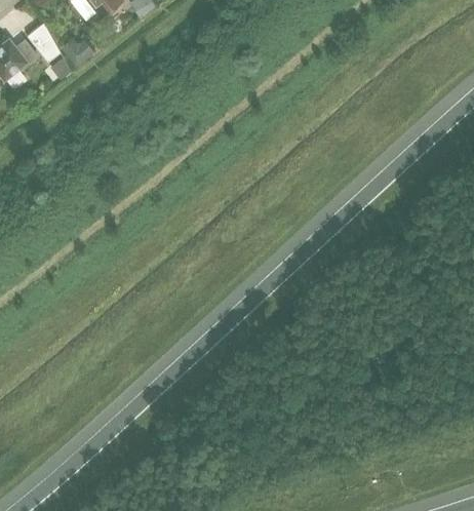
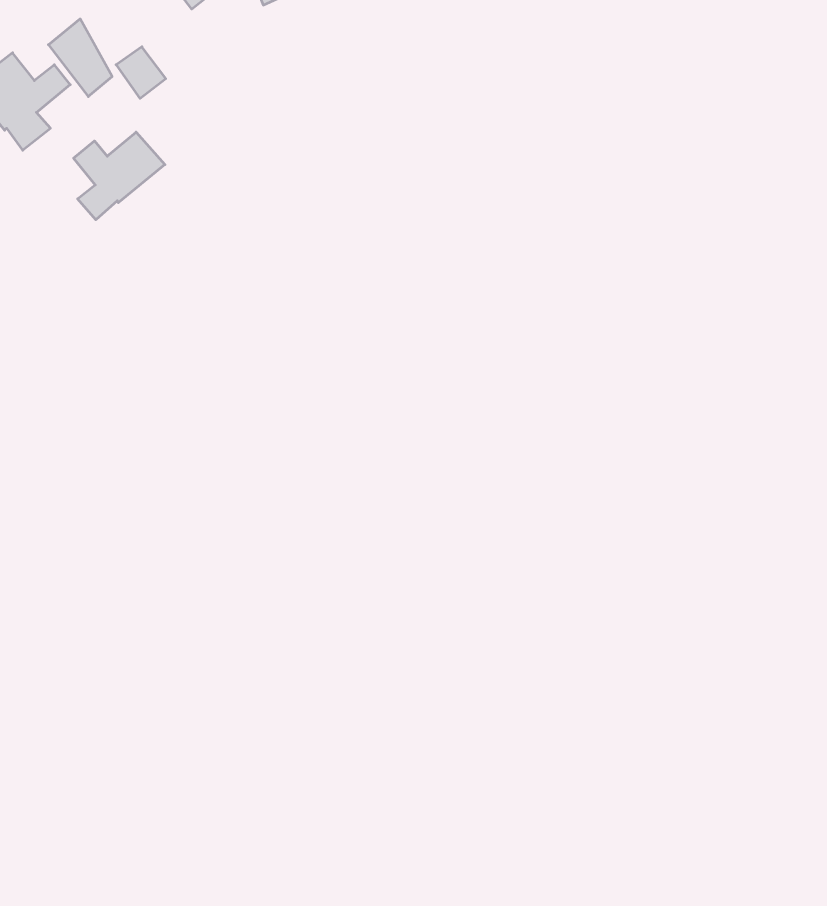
building: none -> [74,132,165,220]

